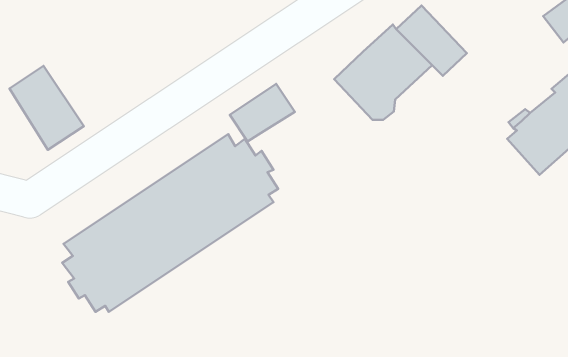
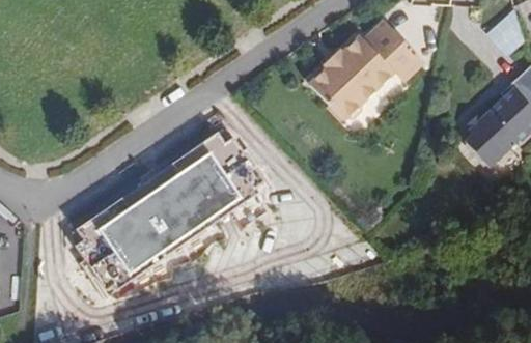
building: [9,66,84,150] -> none
building: [230,84,295,141] -> none

